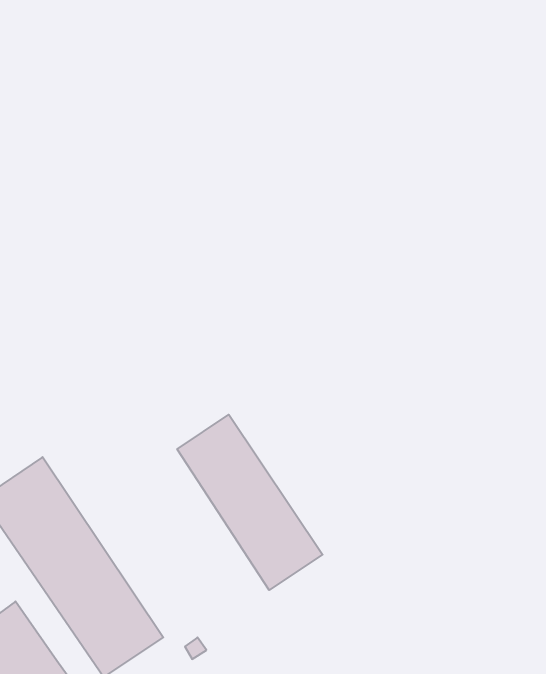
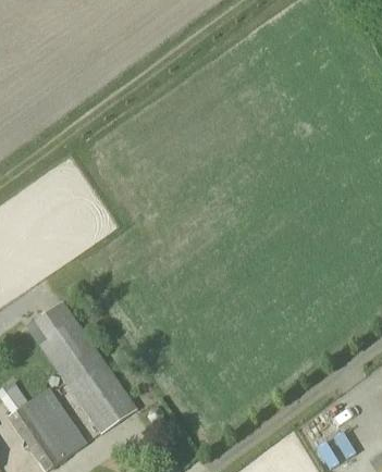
building: [177,415,323,590] -> none

